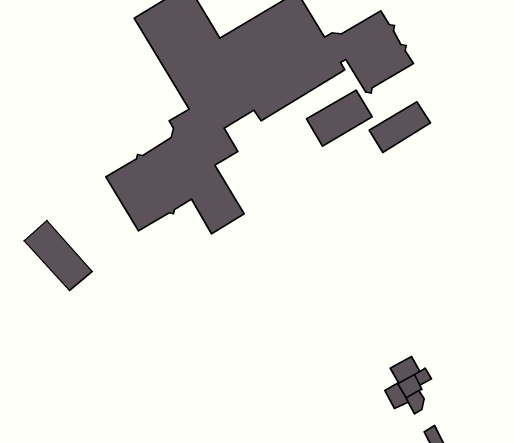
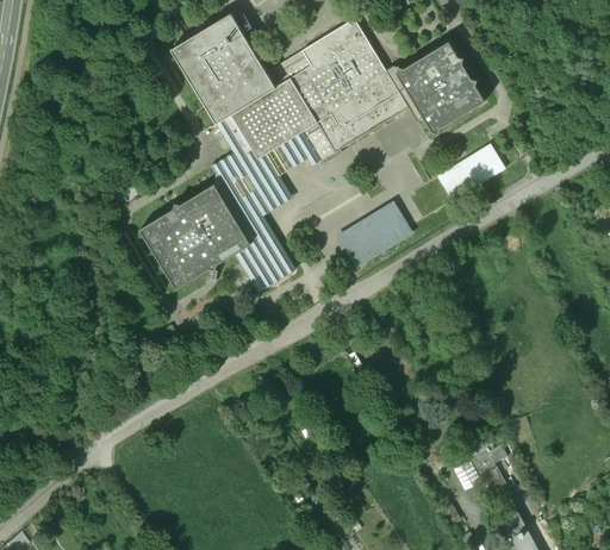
building: [307,90,372,146] -> [337,202,411,265]
building: [24,221,92,291] -> none

